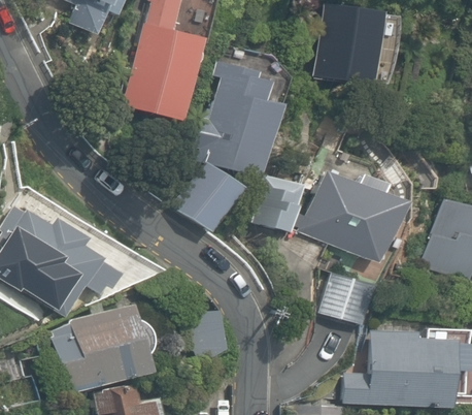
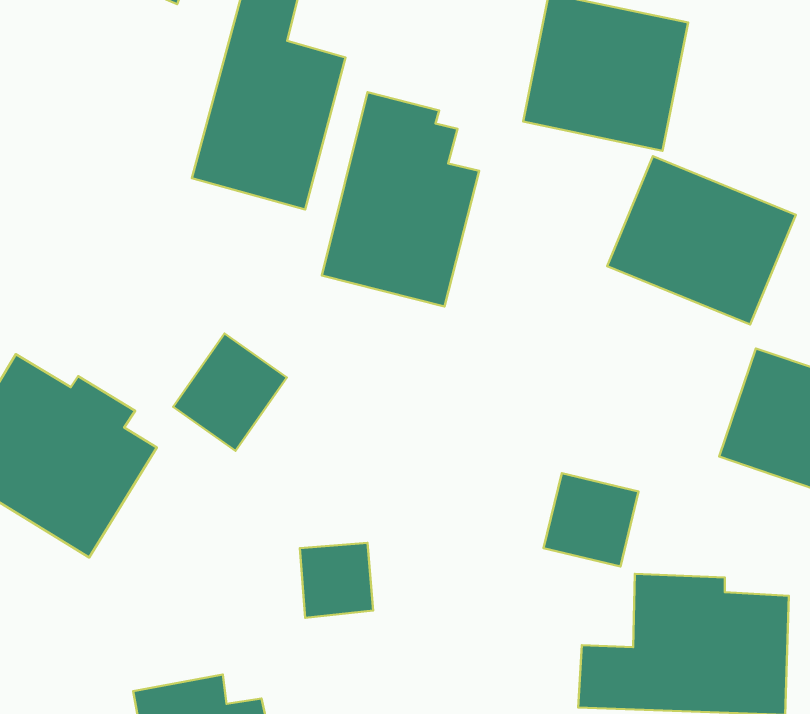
building: [179,168,243,234] -> [173,334,287,451]
building: [300,168,406,263] -> [607,156,796,325]
building: [255,173,304,230] -> none
building: [47,304,156,394] -> none

